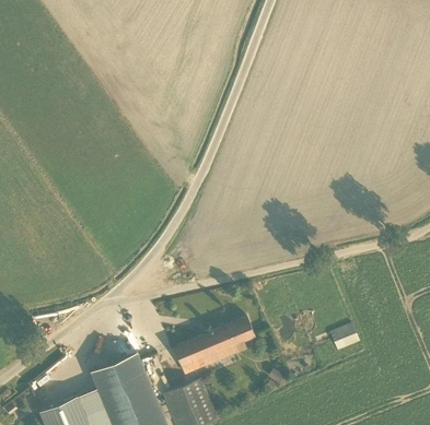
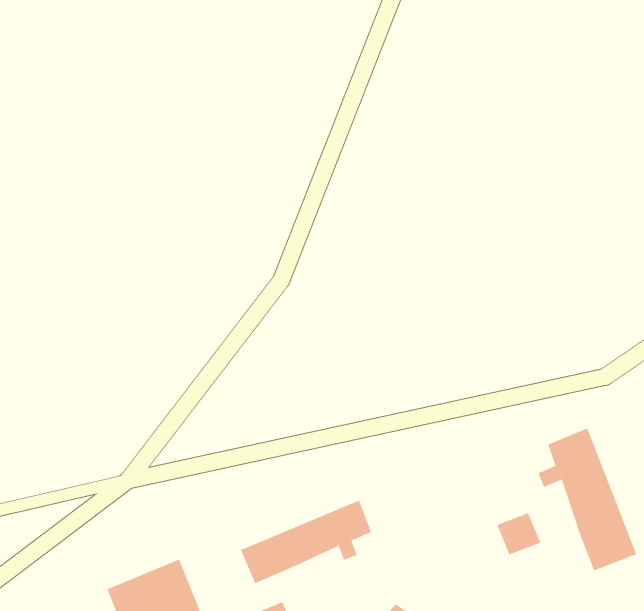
building: none -> [537,428,637,571]

